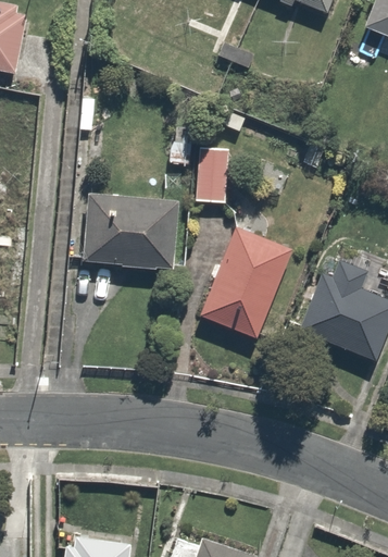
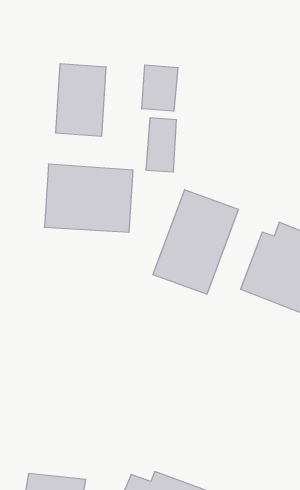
building: none -> [56,64,106,136]
building: none -> [142,65,178,111]

